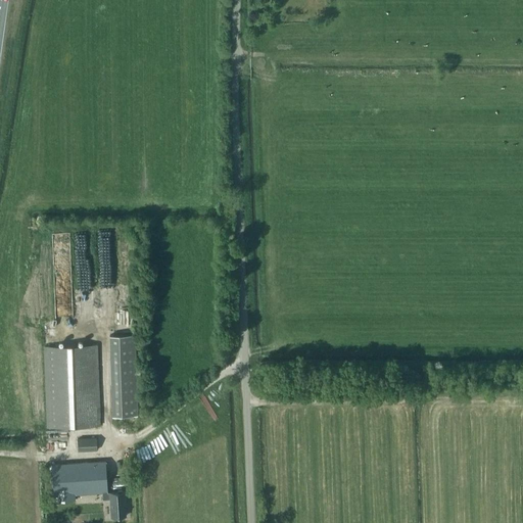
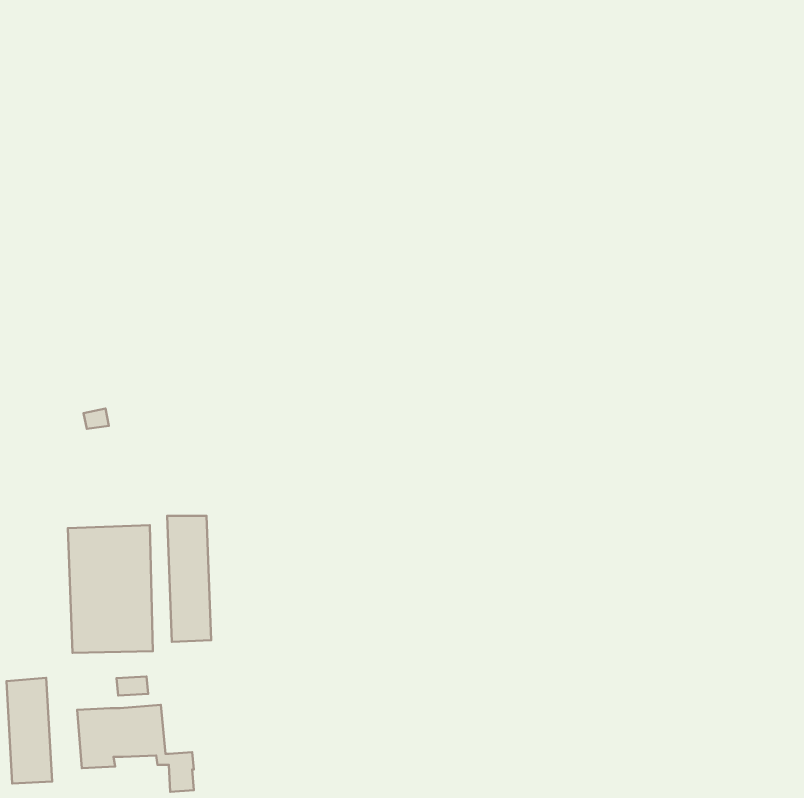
building: none -> [7,678,52,784]

